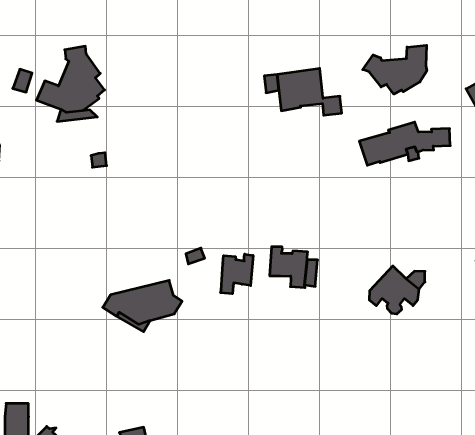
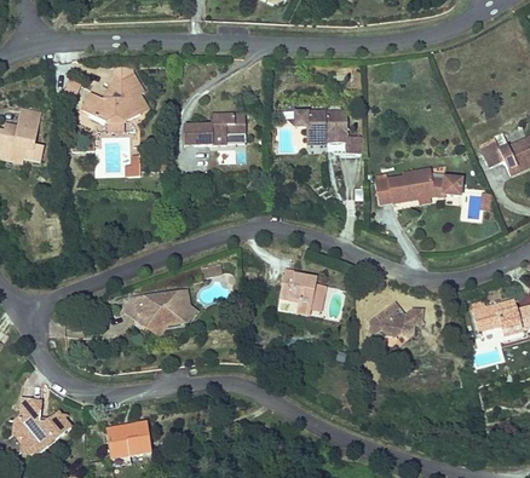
building: [363,45,427,94] -> none
building: none -> [183,113,244,145]
building: [221,254,253,294] -> none

